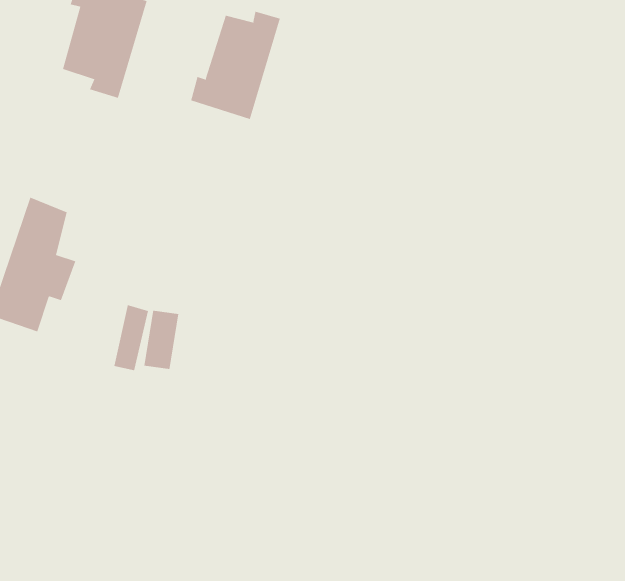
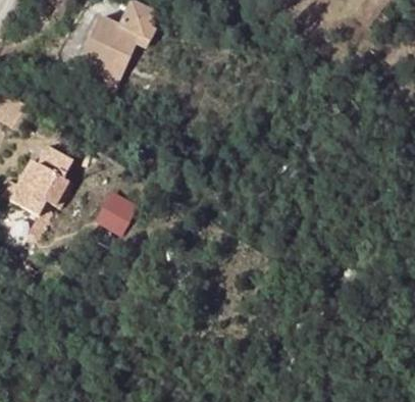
building: [190,11,280,120] -> none

